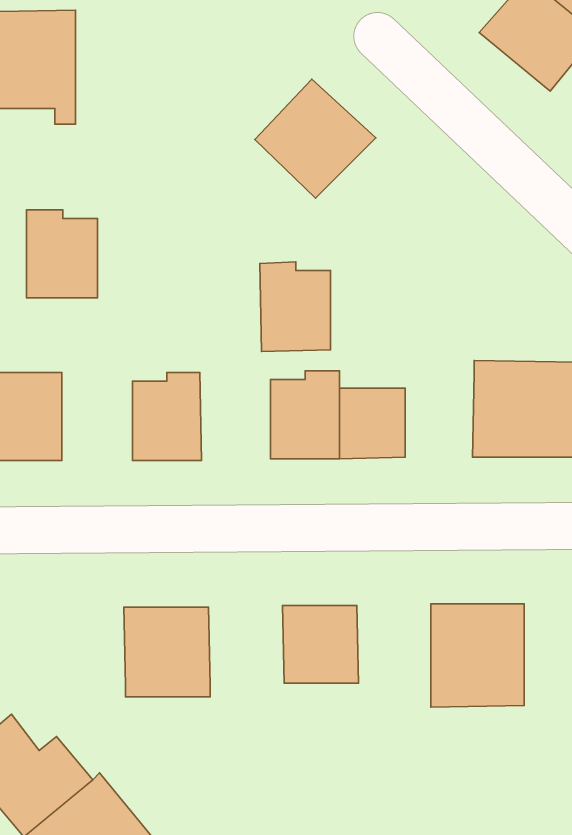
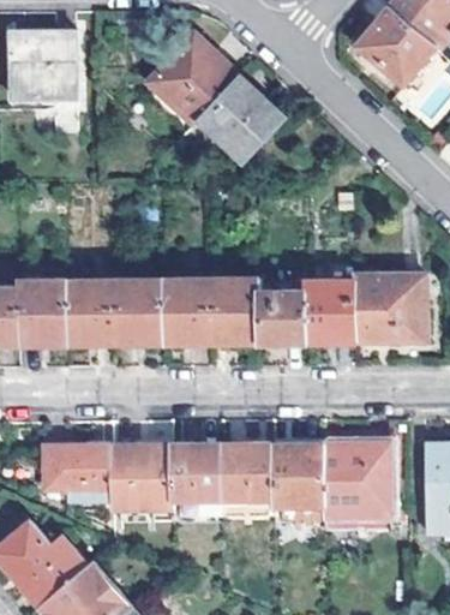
building: none -> [149,35,240,126]
building: [27,210,97,298] -> [66,282,115,344]
building: [260,262,330,351] -> [162,281,211,344]
building: none -> [305,282,353,341]
building: none -> [271,443,323,504]
building: none -> [168,444,221,500]
building: none -> [43,446,110,500]

